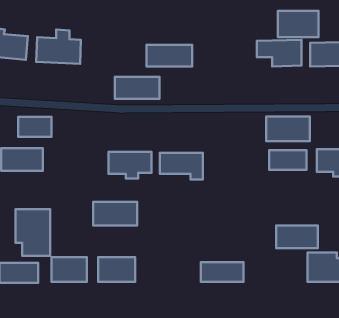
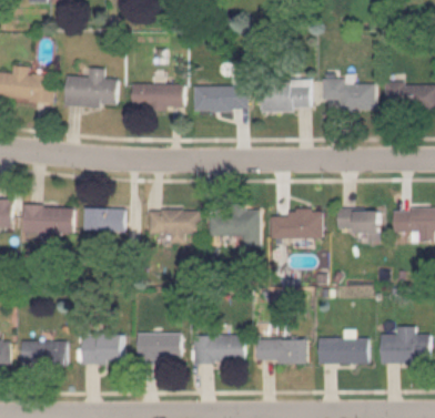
building: [278,11,319,37] -> [261,80,308,111]
building: [115,77,160,99] -> [131,84,183,110]
building: [266,116,310,141] -> [271,210,322,238]
building: [18,117,52,137] -> [84,208,123,232]
building: [93,202,137,226] -> [193,335,244,363]
building: [16,209,50,256] -> none
building: [276,225,318,248] -> [318,337,367,364]

